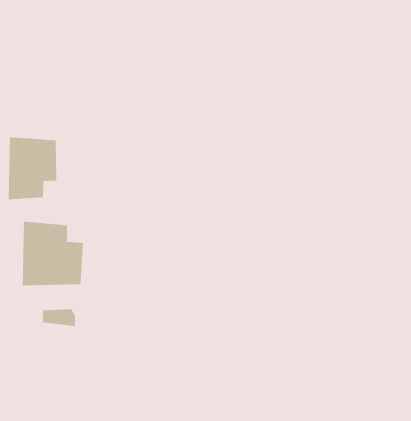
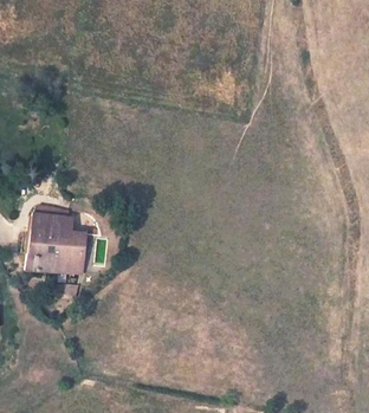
building: [8,136,57,200] -> none

